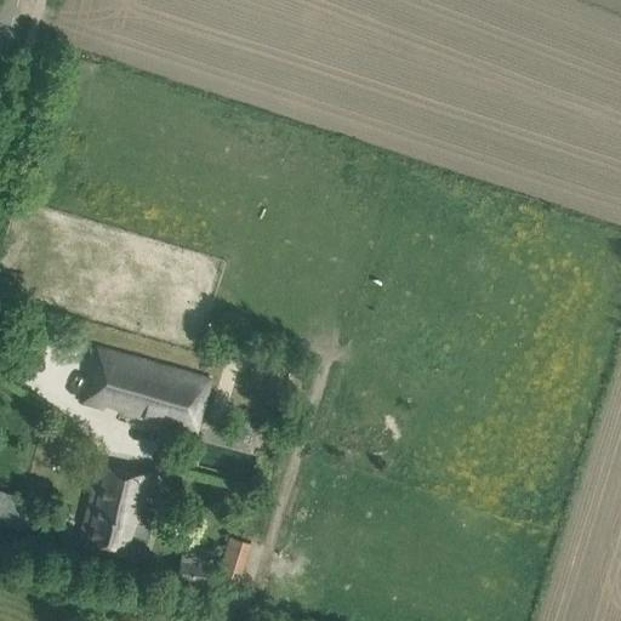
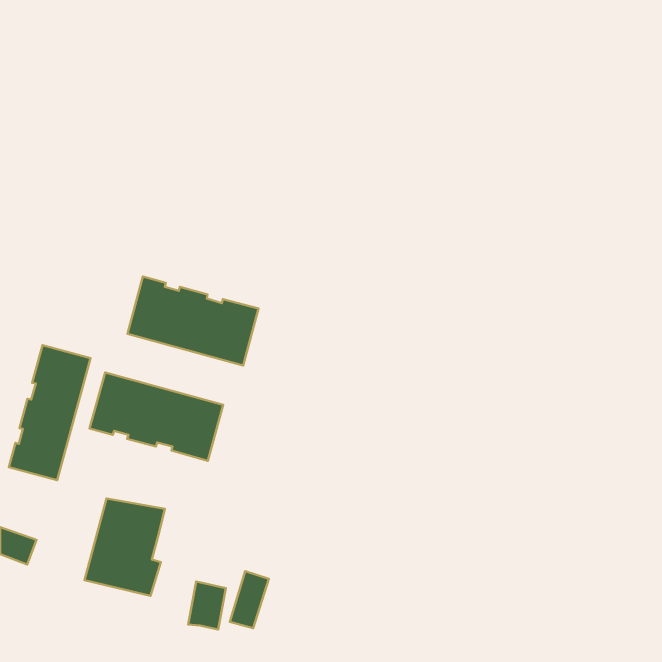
building: none -> [127,277,259,366]
building: none -> [9,345,91,480]

